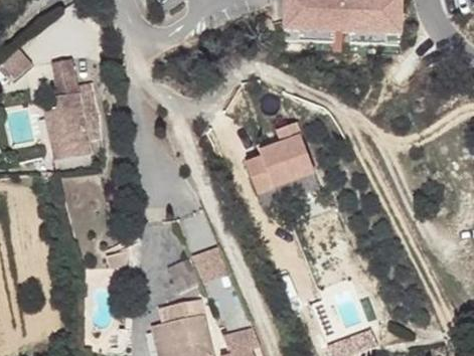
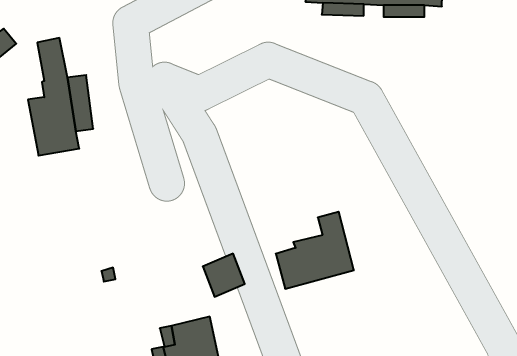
building: [255,129,322,195] -> [276,212,354,289]

